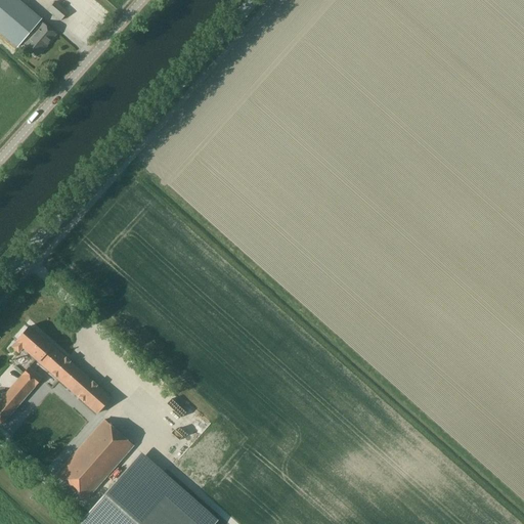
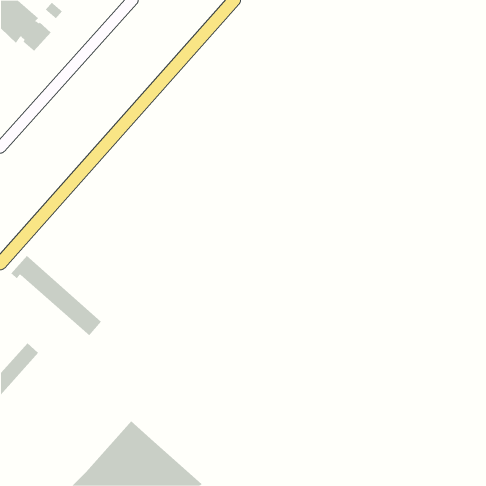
building: [11,328,110,414] -> [11,255,102,336]
building: [56,421,132,499] -> none

